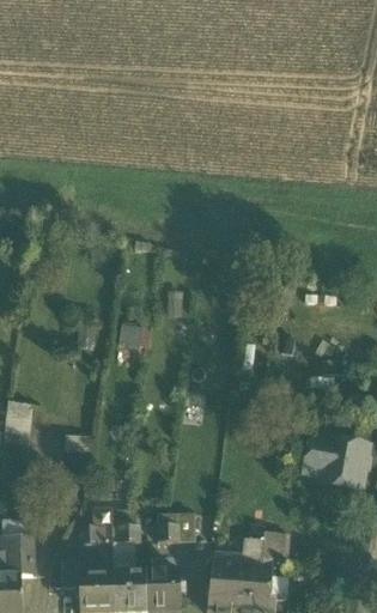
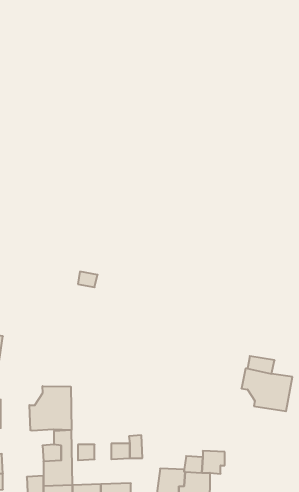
building: none -> [29,386,71,431]

